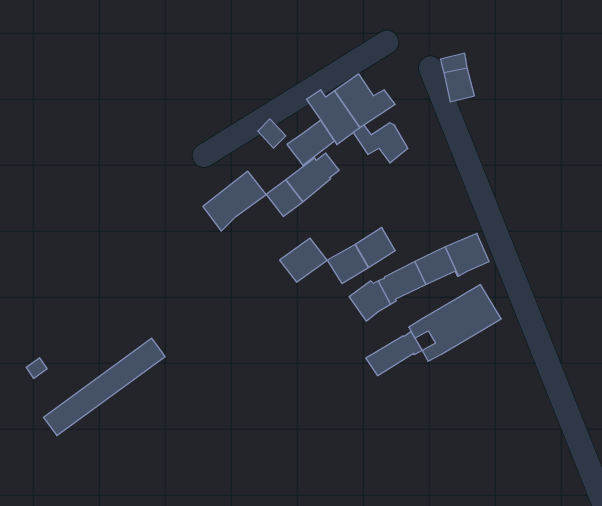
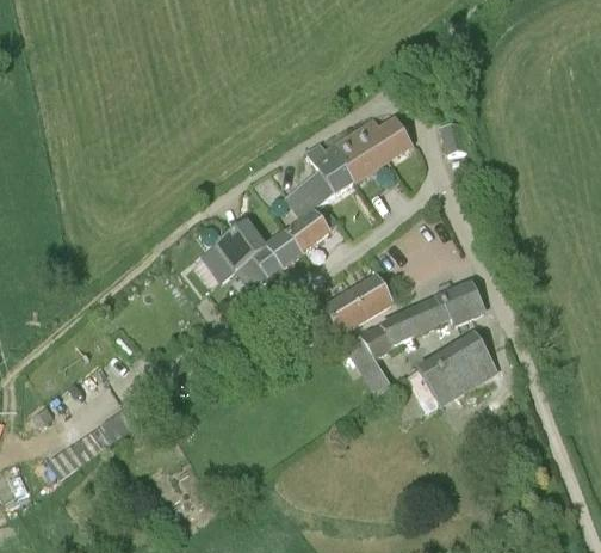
building: [353,123,408,163] -> [355,117,409,156]
building: [280,238,327,282] -> [235,245,281,288]
building: [366,331,422,376] -> none

